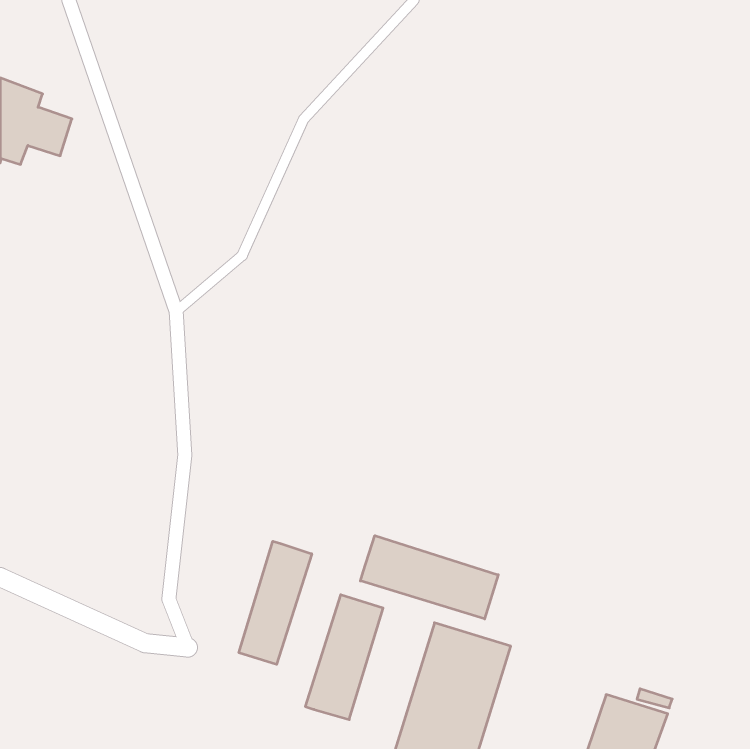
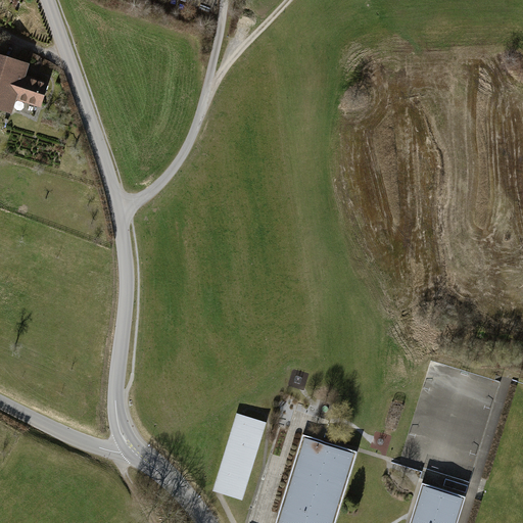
building: [360,536,498,619] -> none
building: [239,541,312,664] -> none

